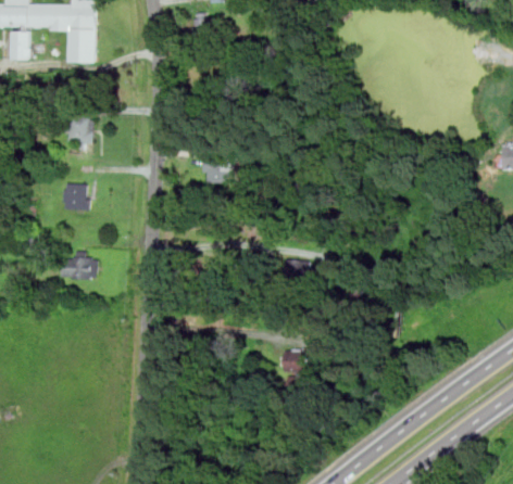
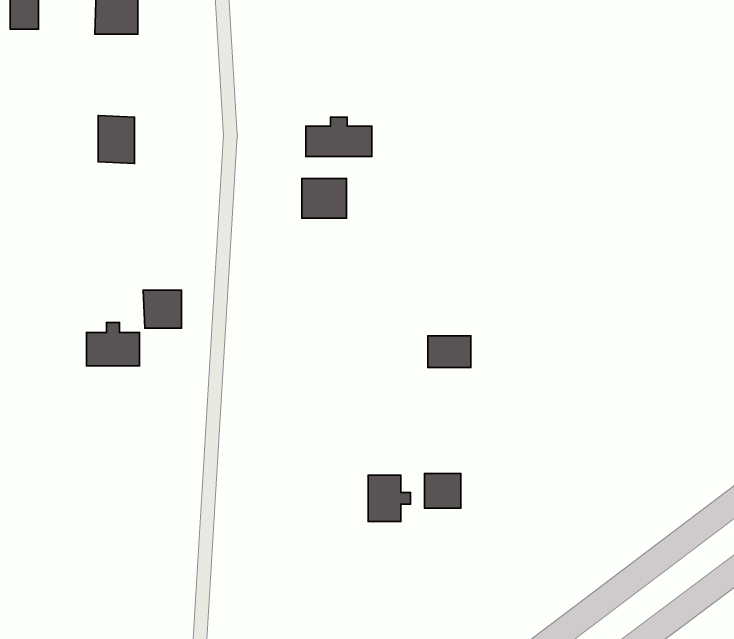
building: none -> [306,117,372,157]
building: [62,183,87,208] -> [143,290,181,328]
building: none -> [368,475,410,522]

